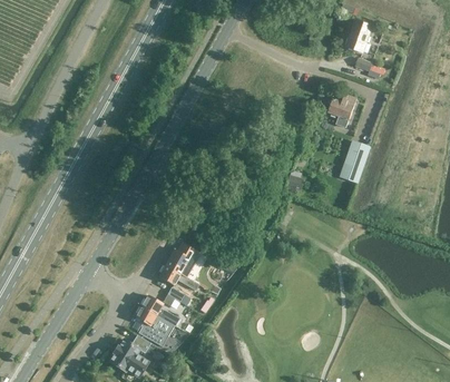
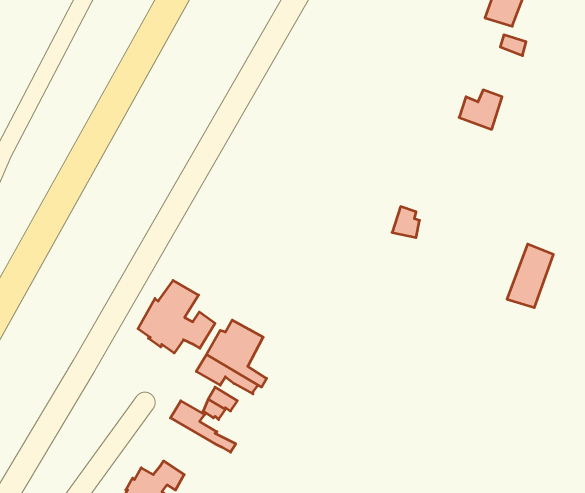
building: [339,140,369,182] -> [507,244,553,308]
building: none -> [138,280,215,353]
building: [134,306,169,346] -> none

